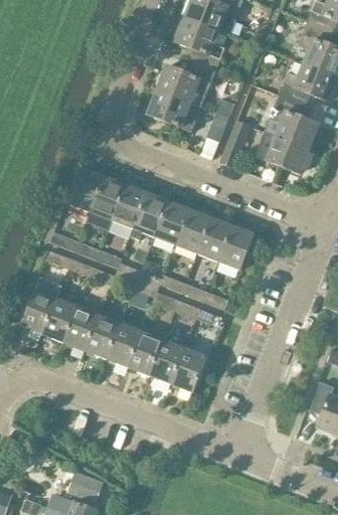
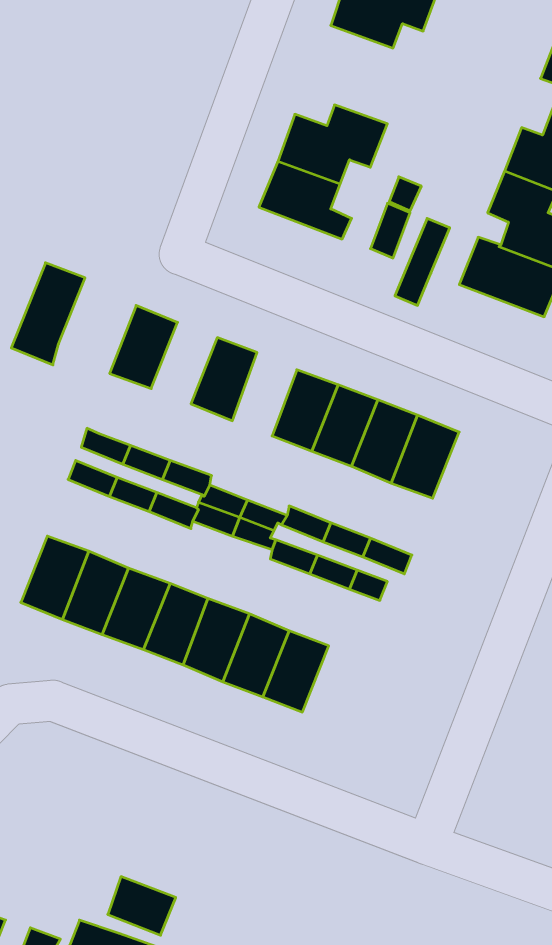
building: [175,18,223,70] -> none
building: [86,176,125,230] -> [11,263,85,365]
building: [133,192,167,236] -> none
building: [170,348,206,392] -> none

